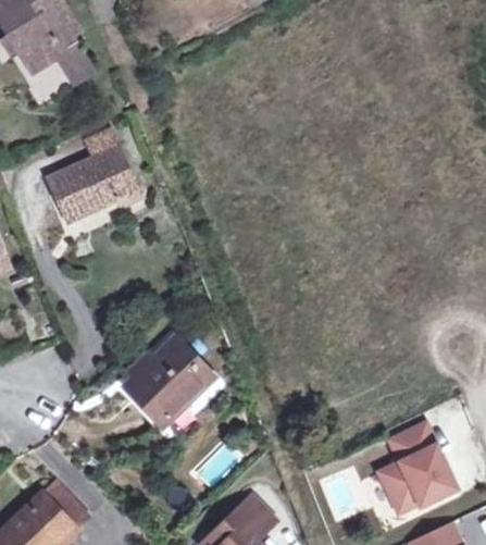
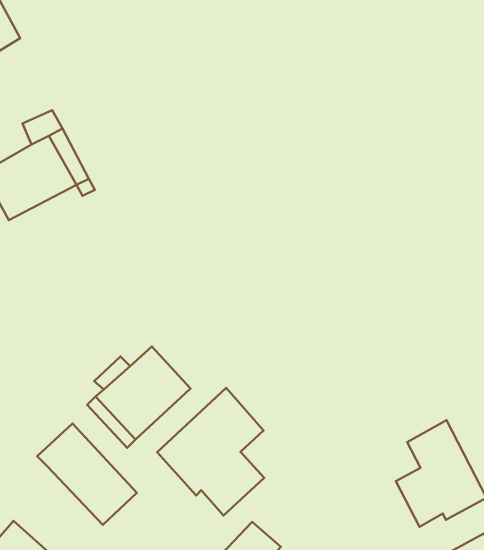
building: none -> [157,388,264,515]
building: none -> [37,423,137,525]

